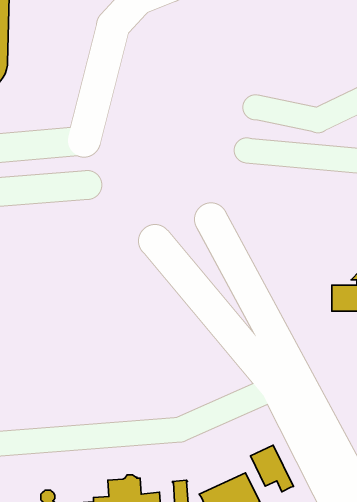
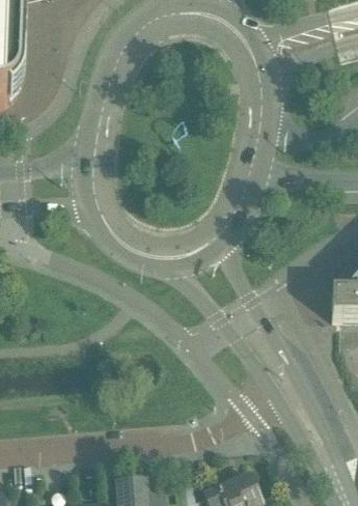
building: [251,445,294,492] -> none

